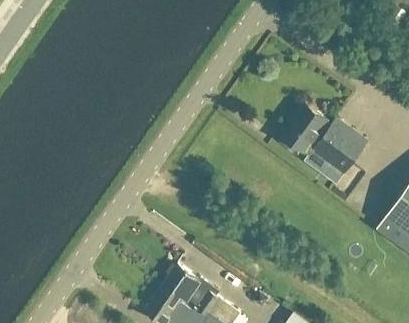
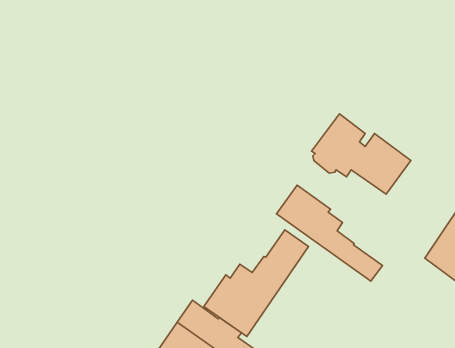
building: none -> [276,185,382,281]
building: none -> [204,230,308,336]

